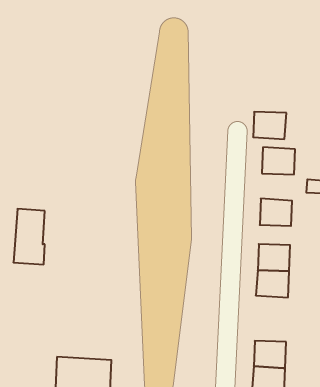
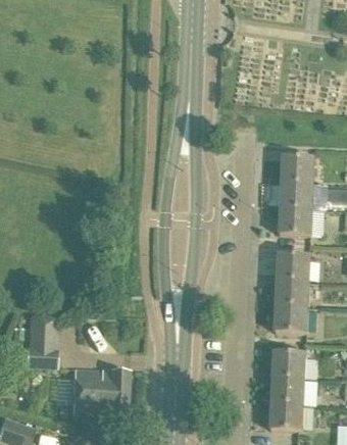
building: [253,112,286,139] -> [280,183,313,210]
building: [13,209,45,264] -> [24,313,56,369]
building: none -> [274,306,307,334]

